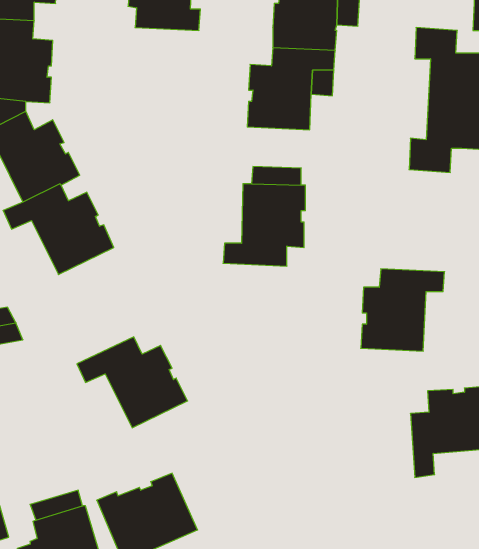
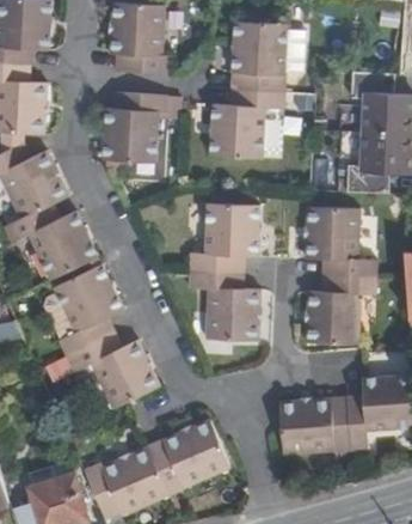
building: none -> [103,92,167,163]
building: none -> [305,207,375,278]
building: none -> [53,263,123,355]
building: none -> [189,270,259,341]
building: none -> [278,397,350,455]
building: none -> [146,419,229,495]

